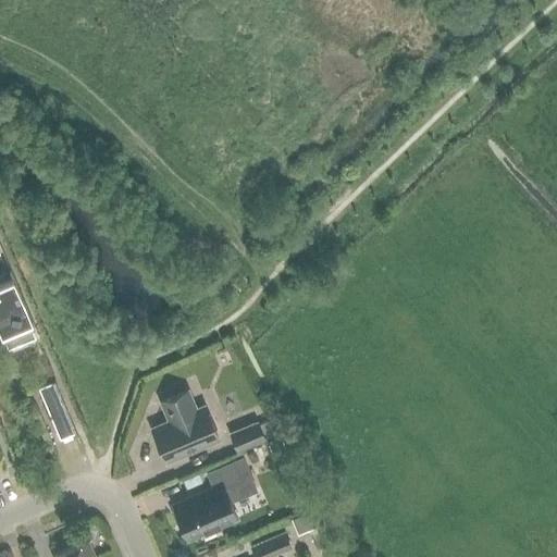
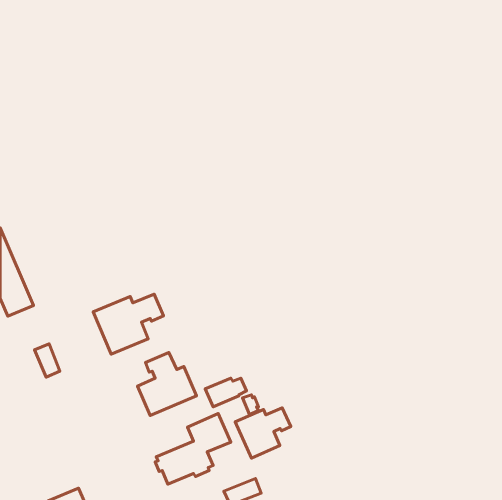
building: none -> [93,294,163,354]
building: none -> [235,408,291,458]

